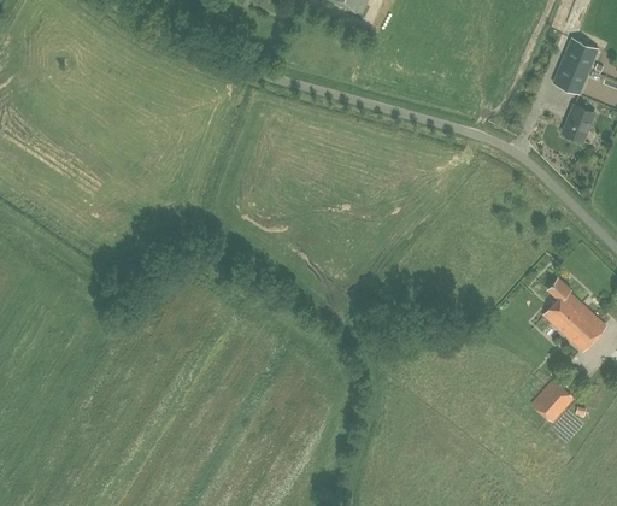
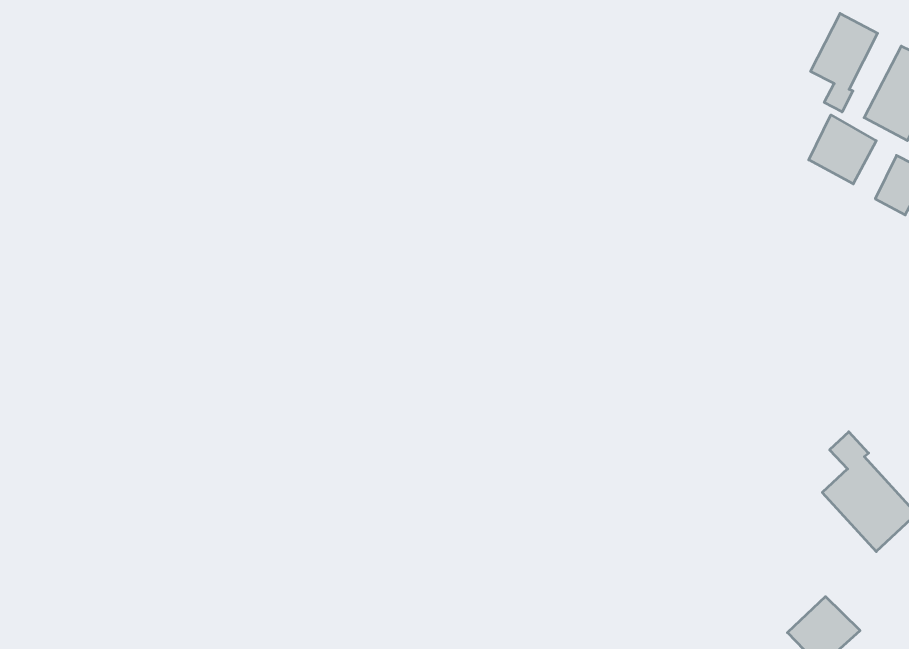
building: none -> [811,13,878,112]
building: none -> [809,115,876,184]

